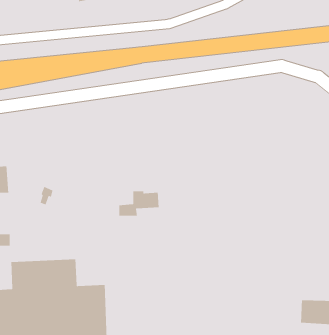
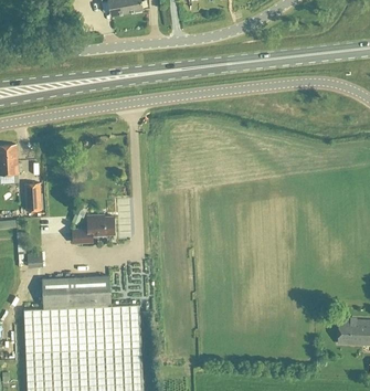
building: [118,191,159,217] -> [73,216,115,243]

